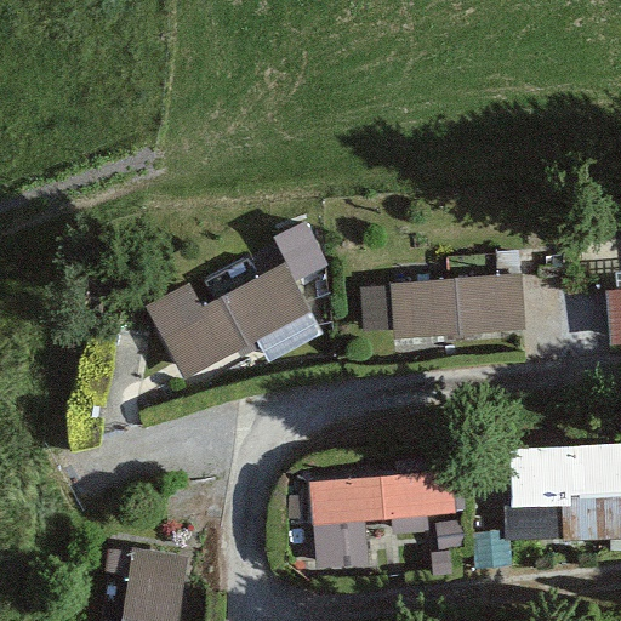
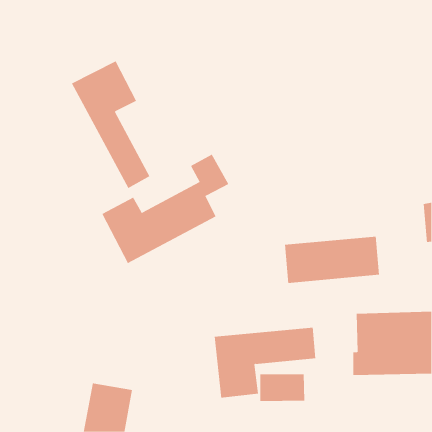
building: none -> [71,61,150,189]
building: [389,273,526,341] -> [284,236,380,283]

